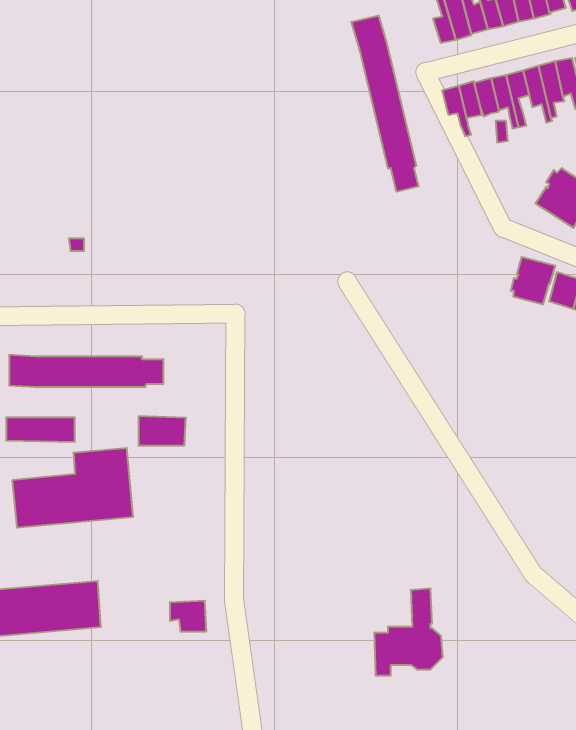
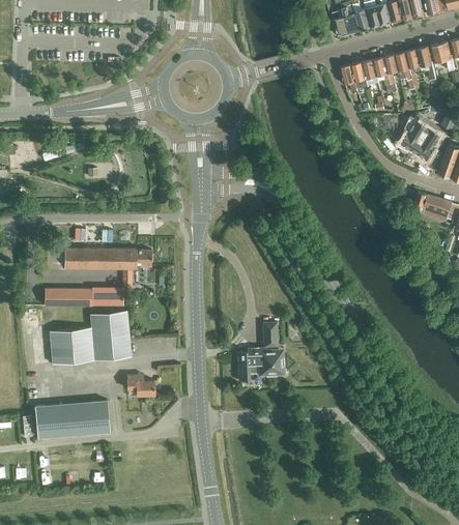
building: [351,15,418,192] -> none
building: [511,257,555,305] -> none
building: [138,416,186,445] -> [91,287,123,307]
building: [374,589,443,676] -> [237,322,284,381]
building: [170,601,206,631] -> [130,375,154,396]

